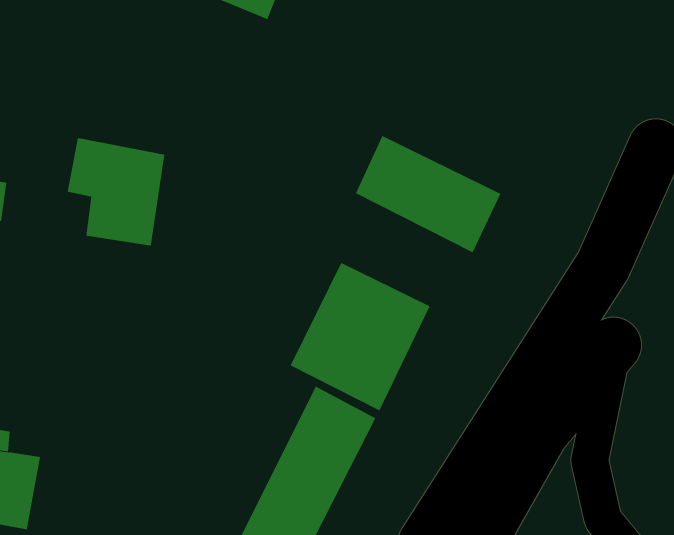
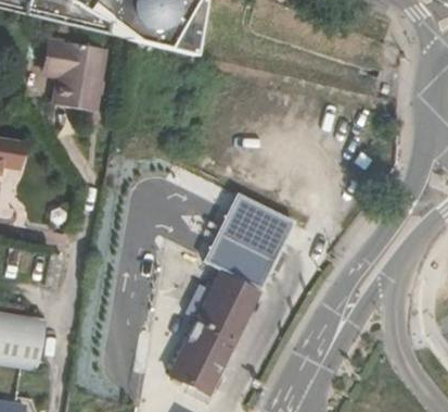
building: [355,135,501,253] -> none
building: [67,138,165,246] -> [38,46,101,115]

